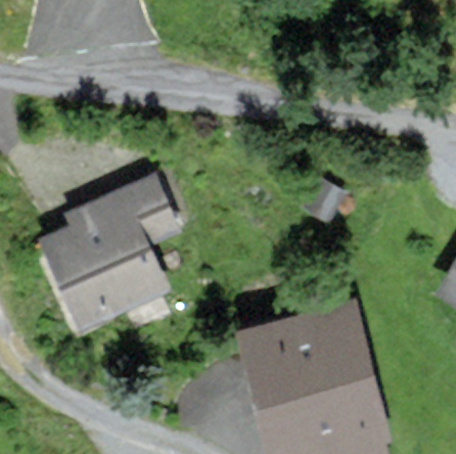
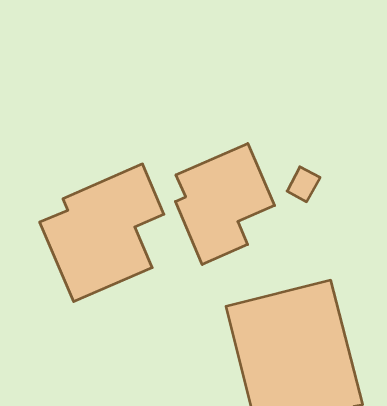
building: none -> [175,143,275,265]

